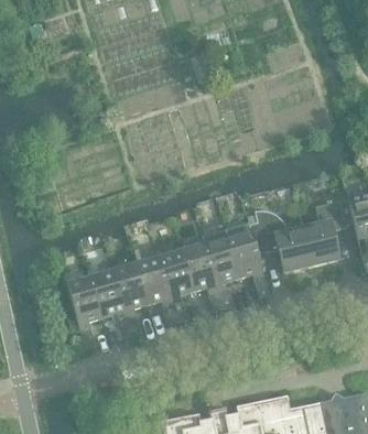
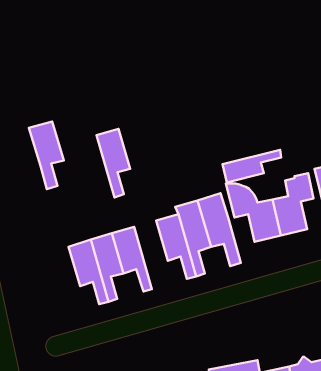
building: none -> [223,150,281,183]
building: [158,251,193,323] -> [96,129,130,197]
building: [65,279,101,349] -> [29,121,64,189]

